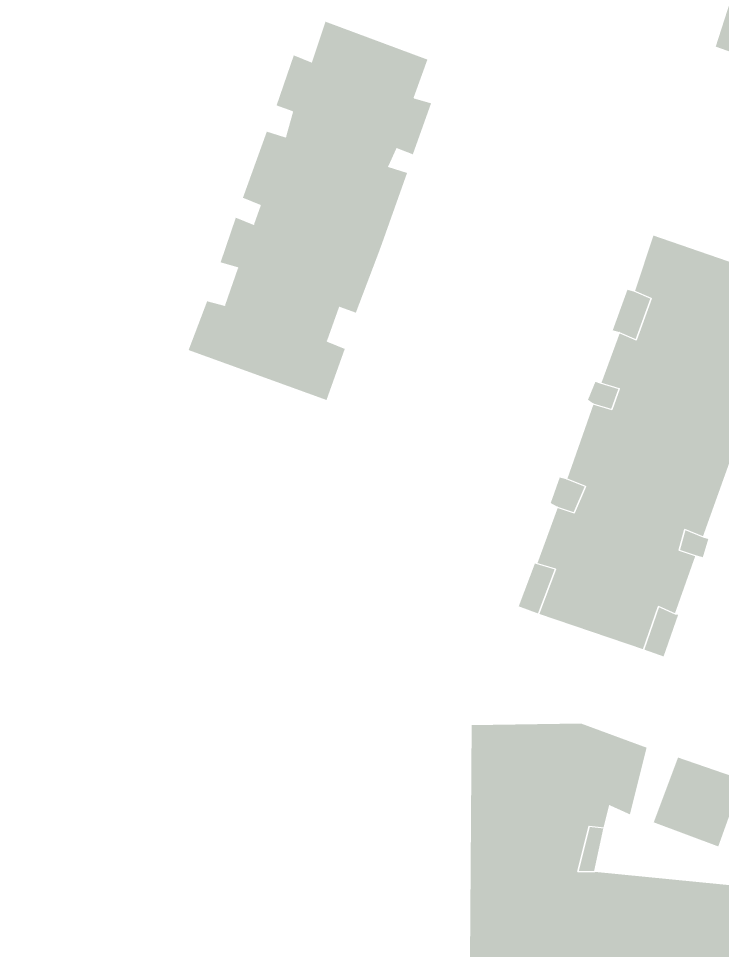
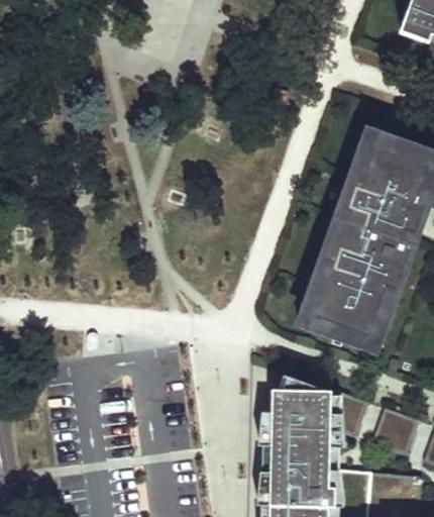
building: [188,21,432,401] -> none

